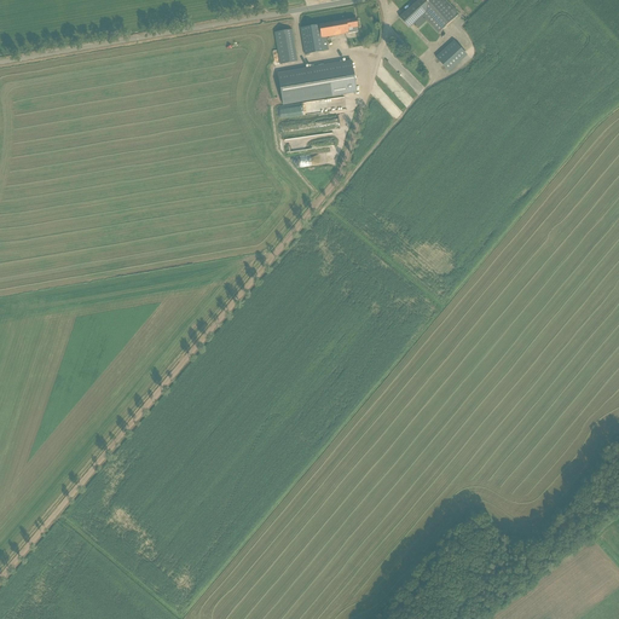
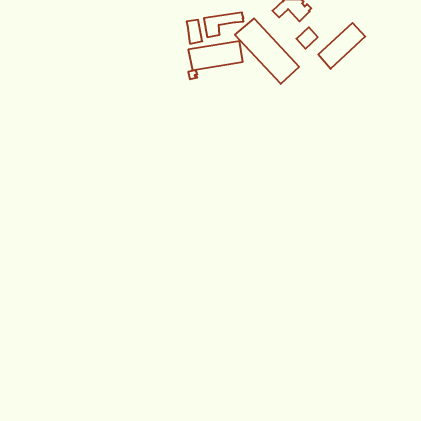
building: none -> [235,18,299,84]
building: none -> [318,23,365,69]

